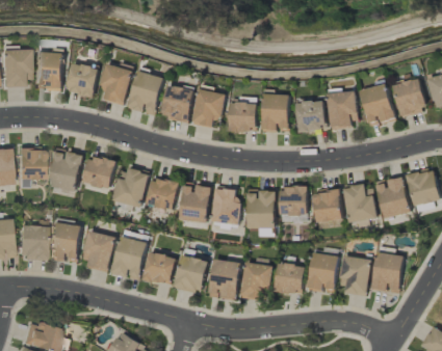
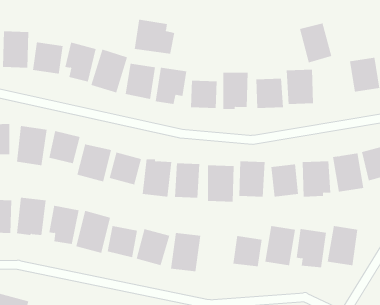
building: none -> [134,19,175,55]
building: [361,84,395,126] -> [299,23,332,63]
building: [240,262,274,301] -> none

